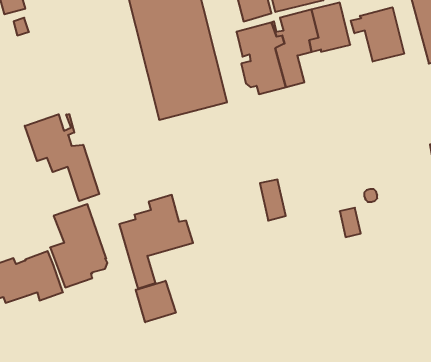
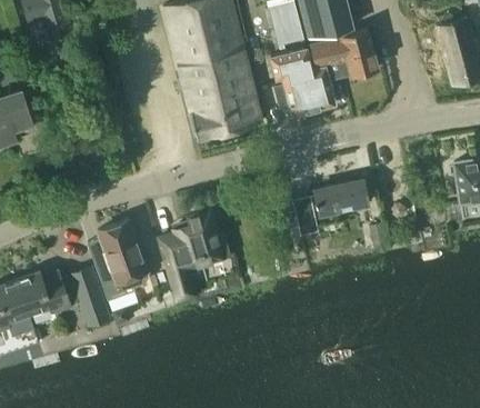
building: [351,7,404,62] -> none
building: [25,114,99,201] -> none
building: none -> [313,180,368,215]
building: [136,281,176,322] -> none

